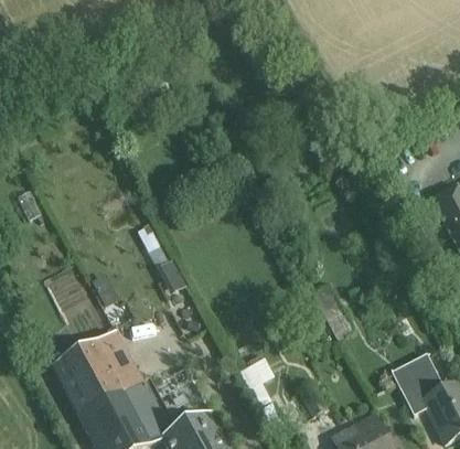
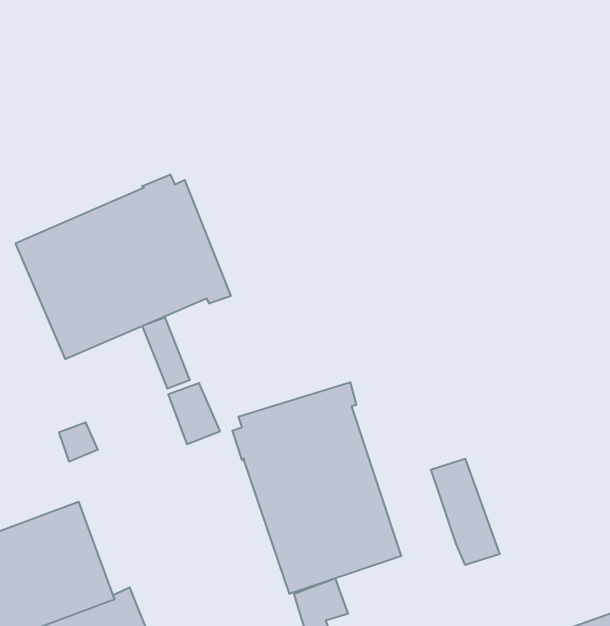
building: none -> [16,174,231,359]
building: none -> [232,382,401,594]

